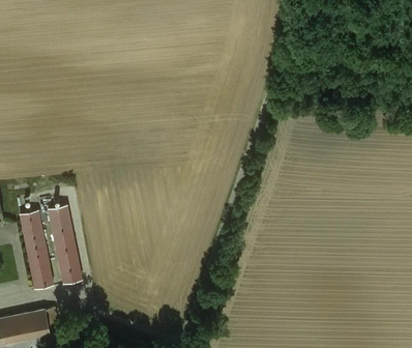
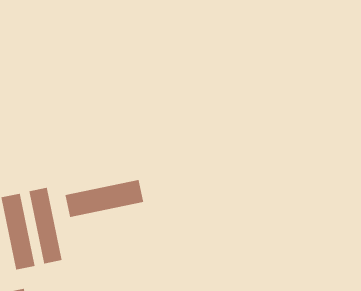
building: none -> [65,179,144,218]

